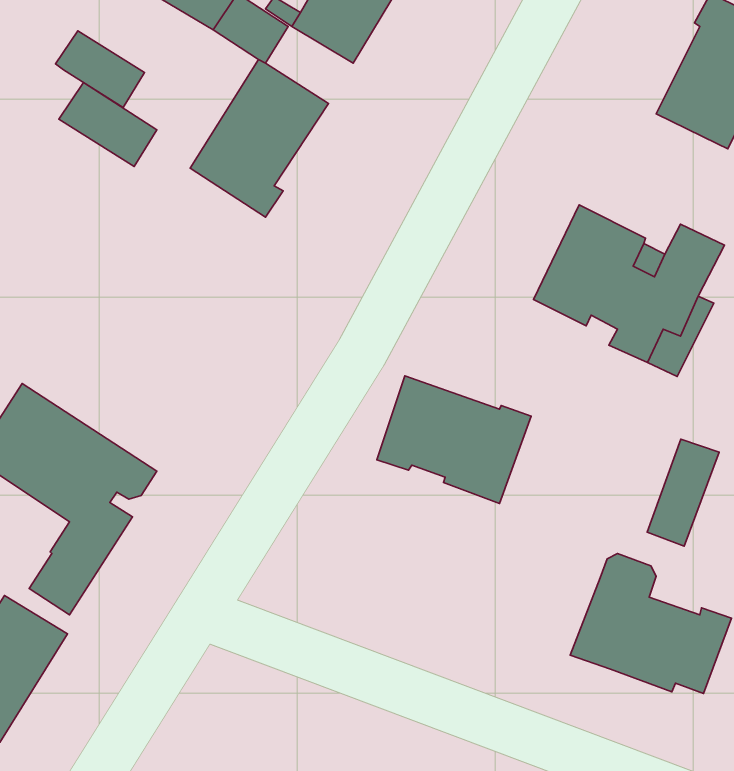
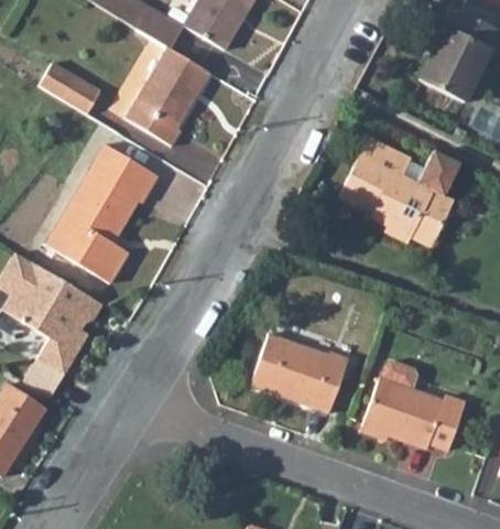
building: [55,31,145,107] -> none
building: none -> [44,148,159,285]
building: [377,376,531,504] -> [252,331,349,411]
building: [647,439,719,546] -> none

